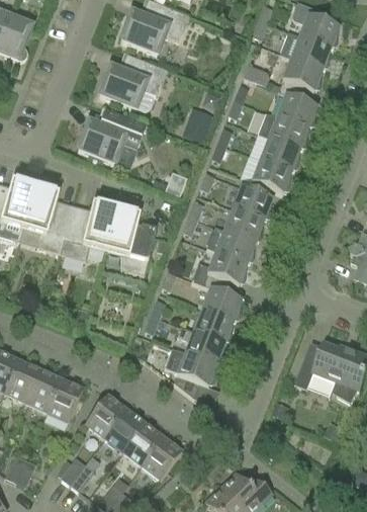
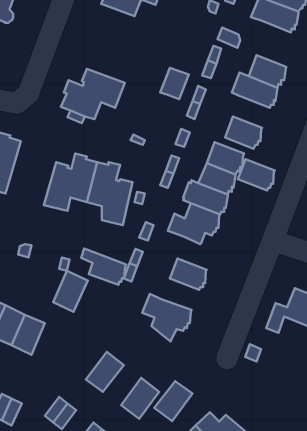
building: [99,54,167,107] -> none
building: [278,58,322,100] -> none
building: [260,138,299,171] -> [238,159,275,191]
building: [23,185,73,253] -> none
building: [201,287,242,322] -> none
building: [177,326,224,364] -> [81,248,126,285]
building: [47,378,83,422] -> [53,271,88,312]
building: [85,395,126,438] -> none
building: [122,423,163,465] -> [154,381,192,421]

